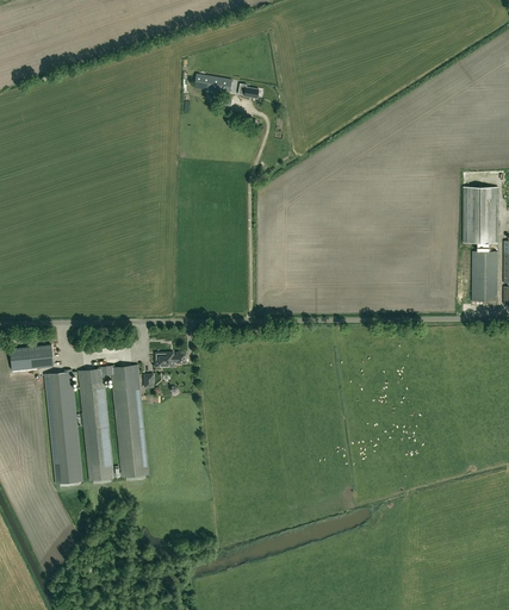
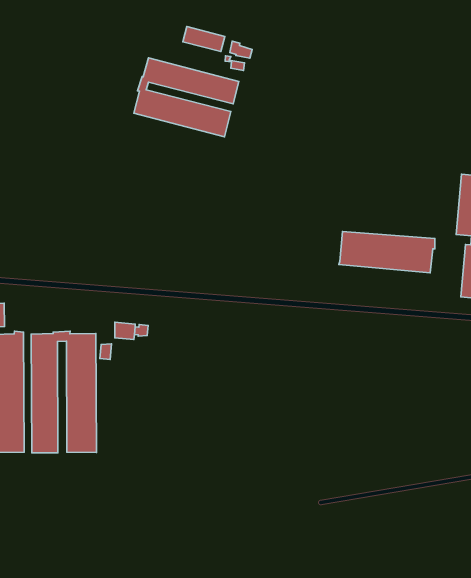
building: none -> [134,58,239,137]
building: none -> [339,232,435,273]

